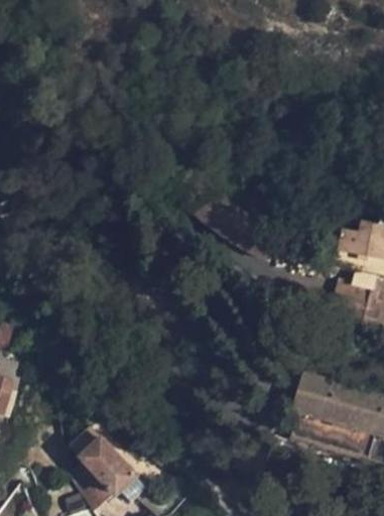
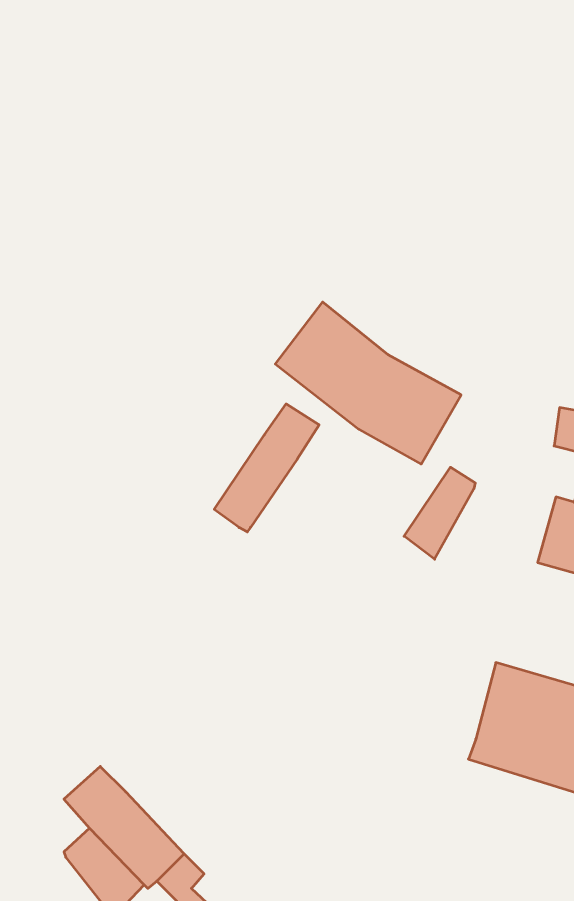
building: none -> [214,404,319,532]
building: none -> [404,467,475,559]

